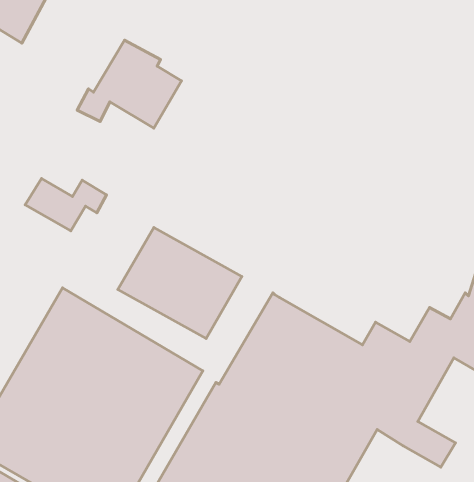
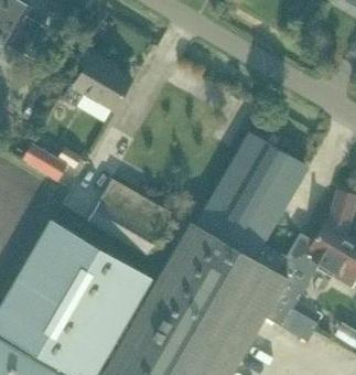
building: none -> [198,133,304,258]

